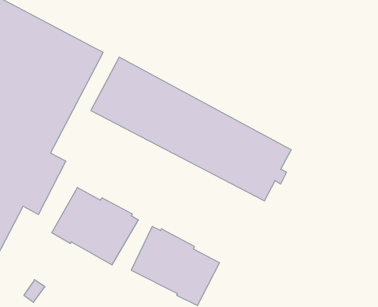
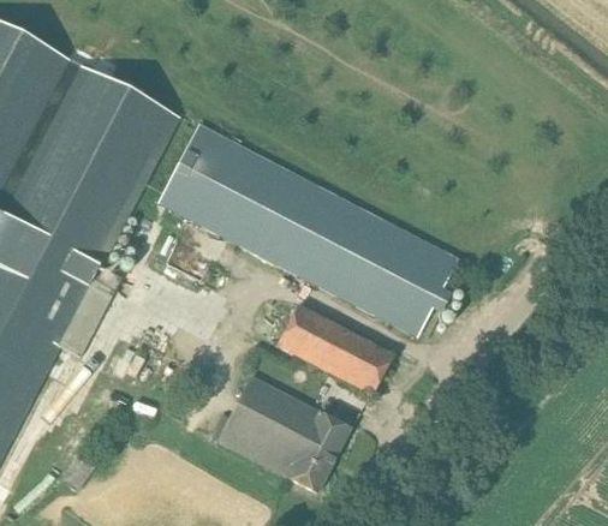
building: none -> [267,301,393,395]
building: [52,187,138,265] -> none

